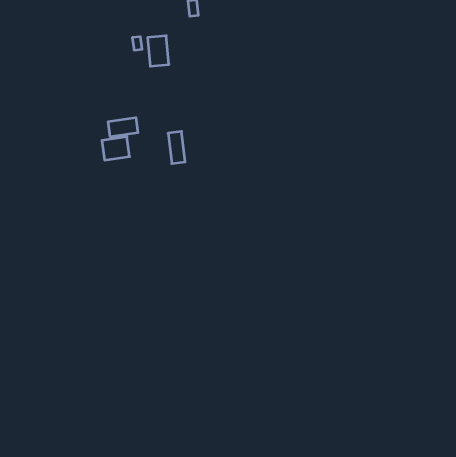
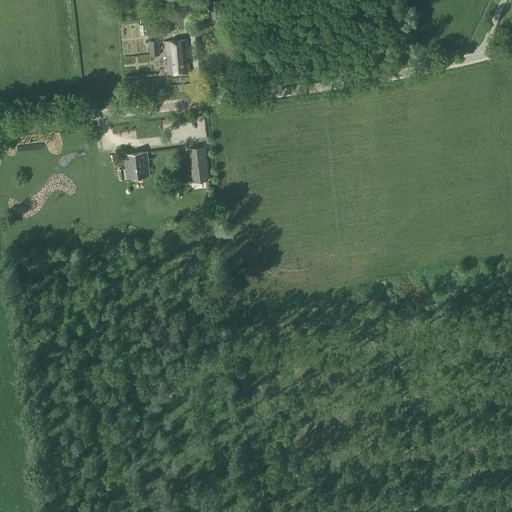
building: [108,118,138,137] -> none

